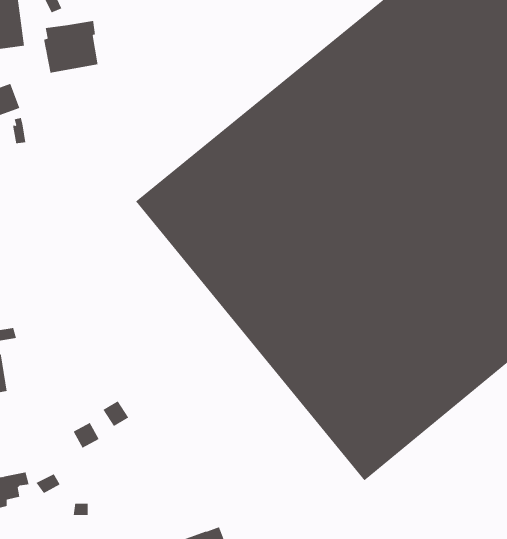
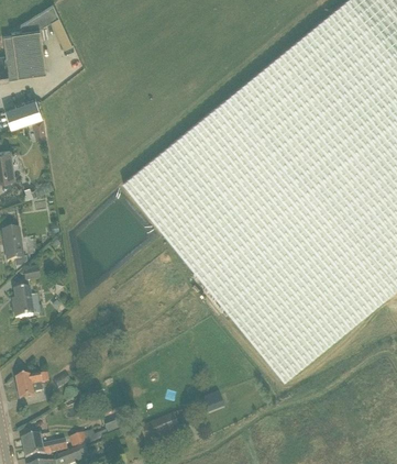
building: [44,20,98,73] -> none

